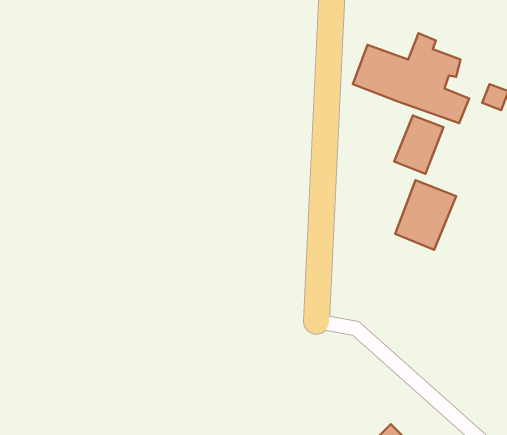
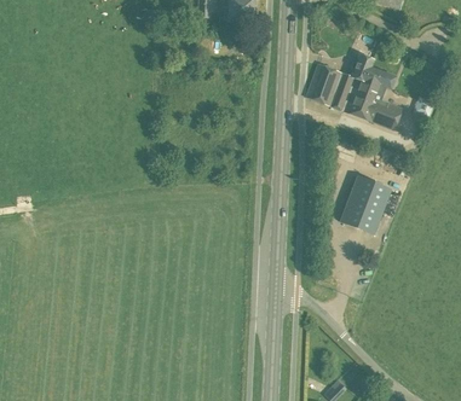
building: [394,116,443,174] -> none

